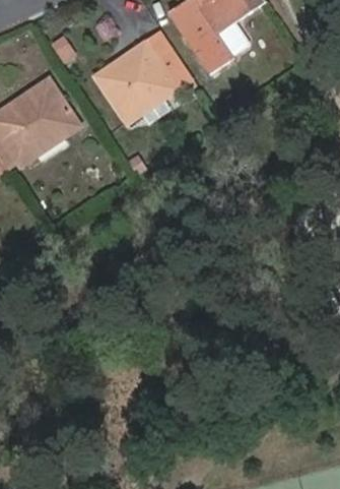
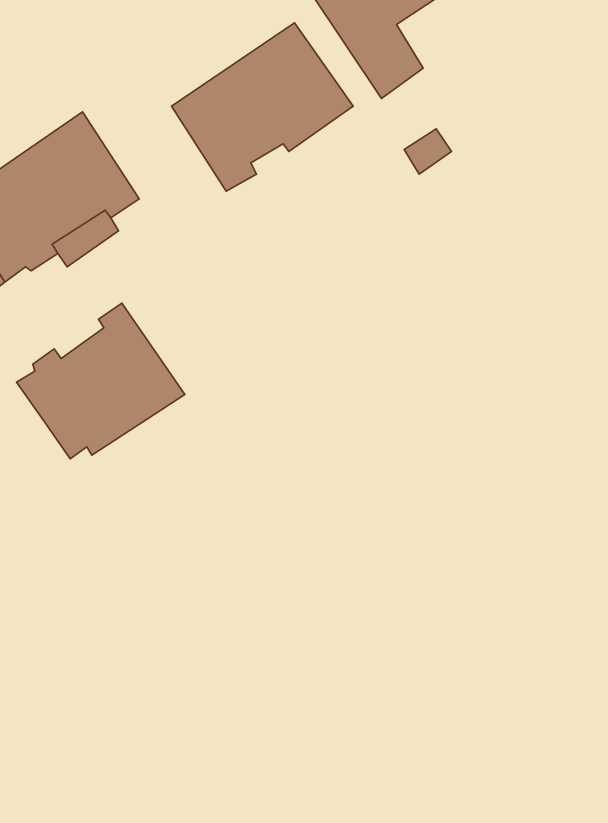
building: none -> [16,303,185,459]

